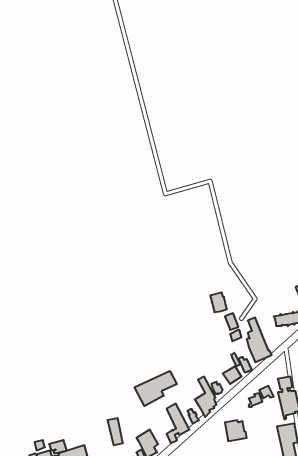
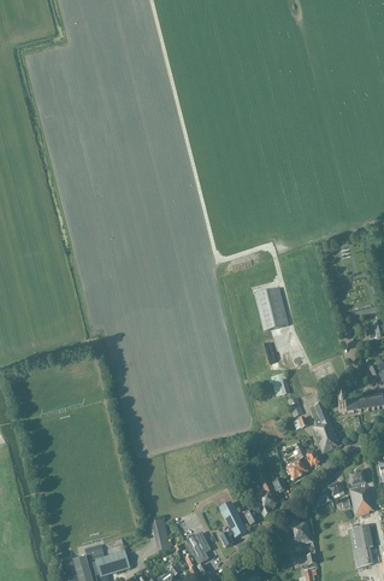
building: none -> [254,287,288,330]
building: [135,371,177,406] -> none

